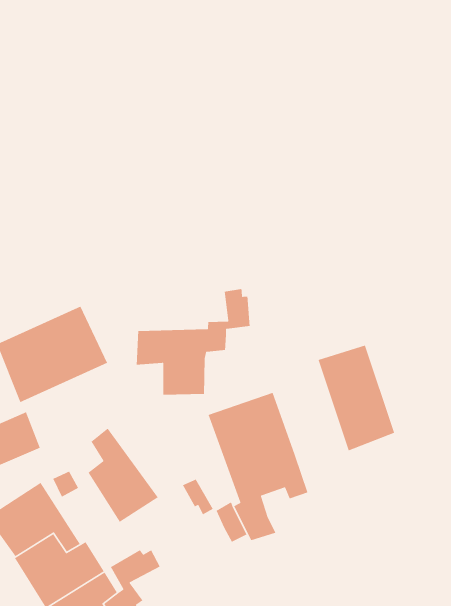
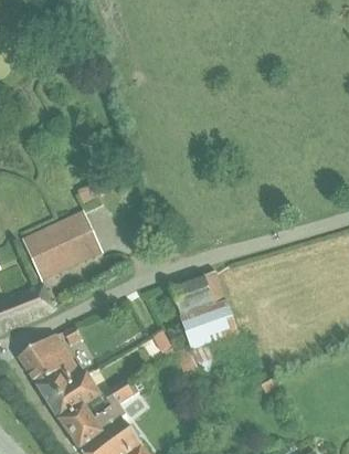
building: [136,288,251,396] -> none
building: [317,345,395,452] -> none
building: [88,428,159,523] -> none

